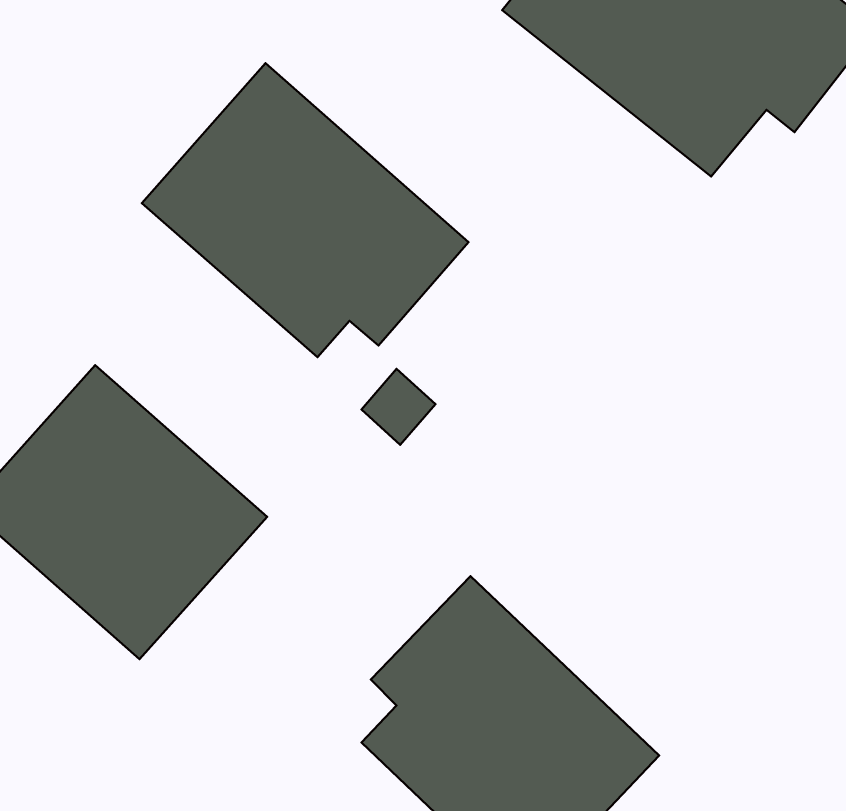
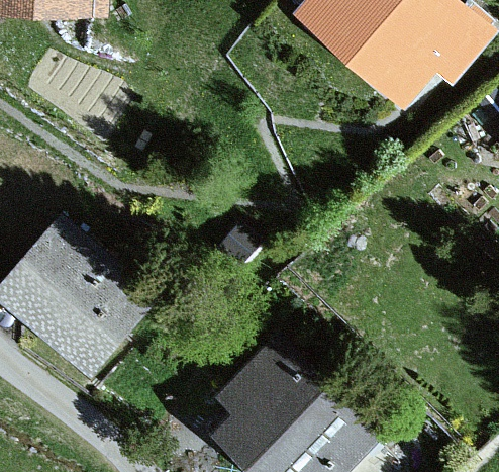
building: [142,63,468,357] -> none

